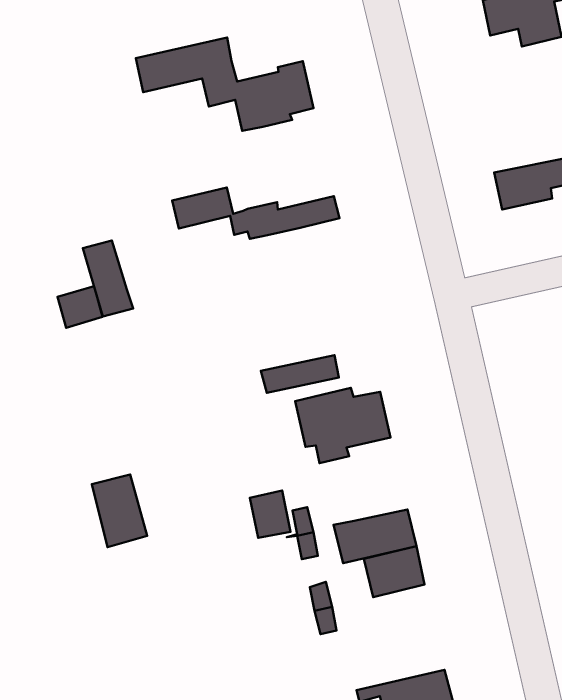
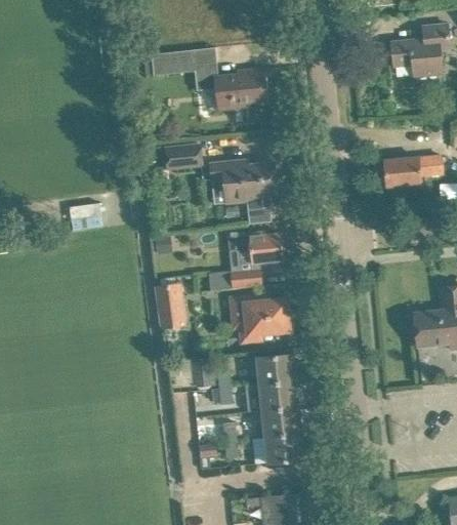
building: none -> [212,178,276,224]
building: [83,240,133,317] -> none
building: none -> [227,233,283,264]
building: none -> [256,355,295,385]
building: [92,475,147,547] -> [154,284,186,331]
building: none -> [264,434,303,463]

